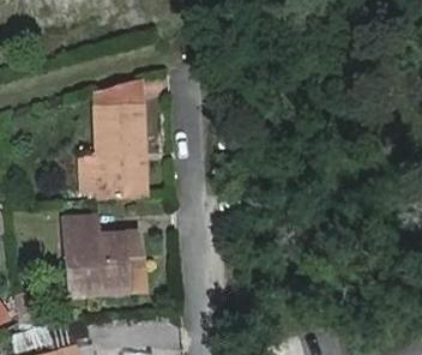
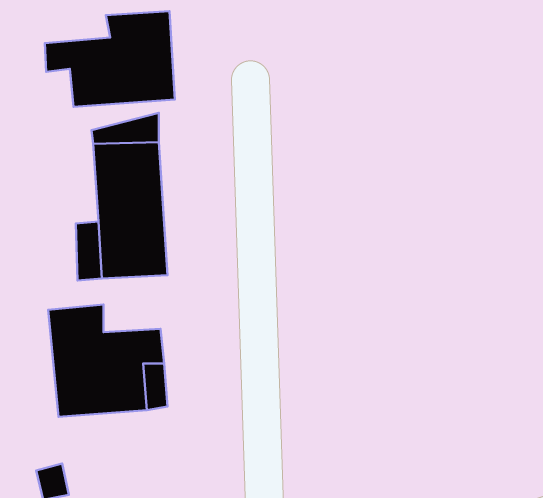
building: none -> [45,11,175,107]

